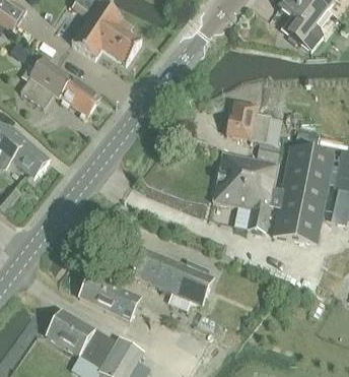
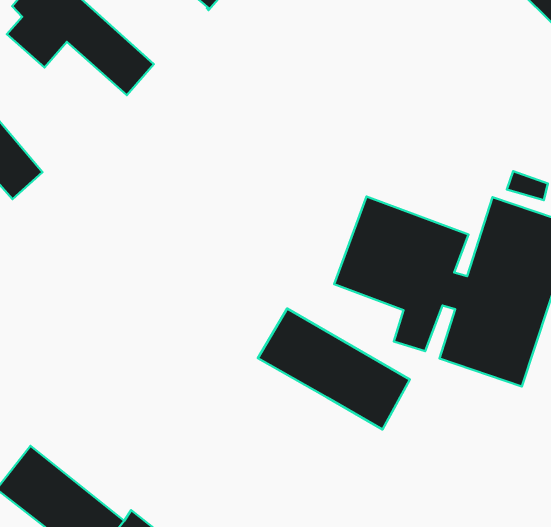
building: [225,101,282,160] -> none
building: [132,247,214,305] -> [258,308,410,429]
building: [78,273,141,320] -> none

